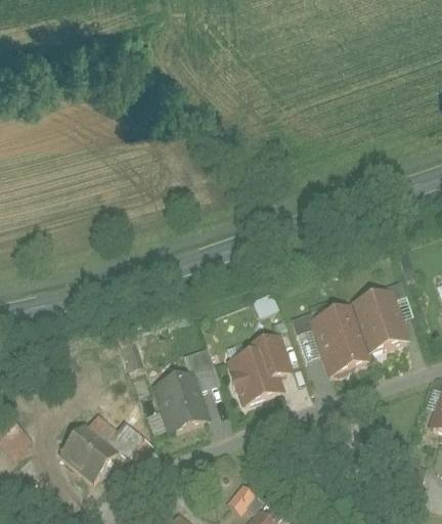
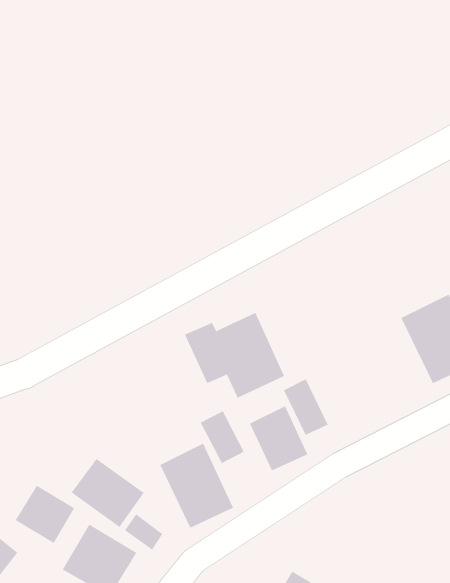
building: [294,311,366,376] -> [184,312,285,398]
building: none -> [71,458,144,528]
building: none -> [15,485,75,544]

